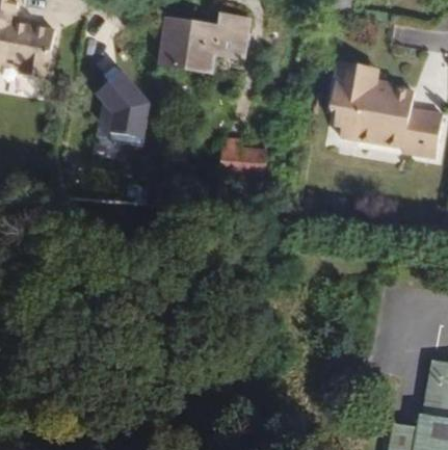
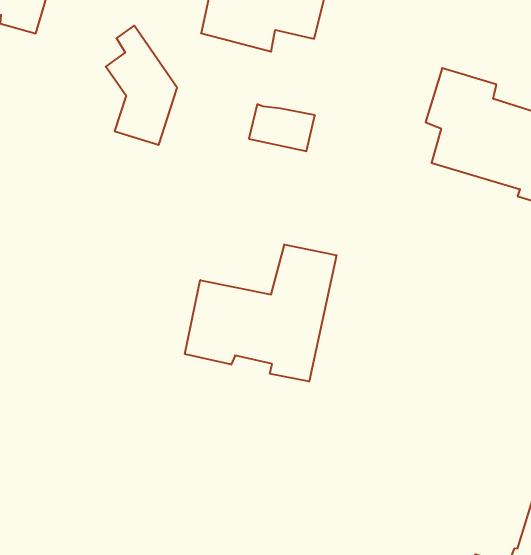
building: [220,145,265,175] -> [249,104,315,151]
building: none -> [185,244,337,382]

